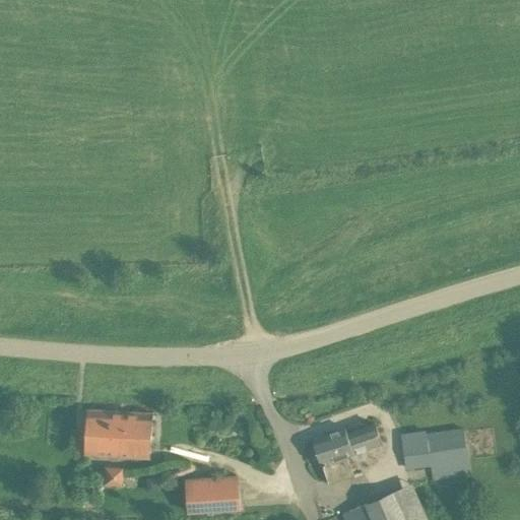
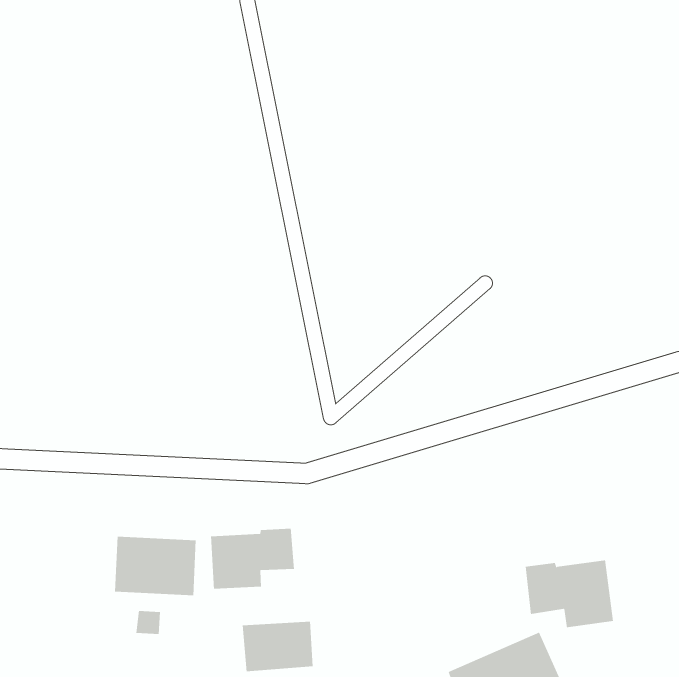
building: none -> [210,528,294,590]
building: [314,426,380,485] -> none

